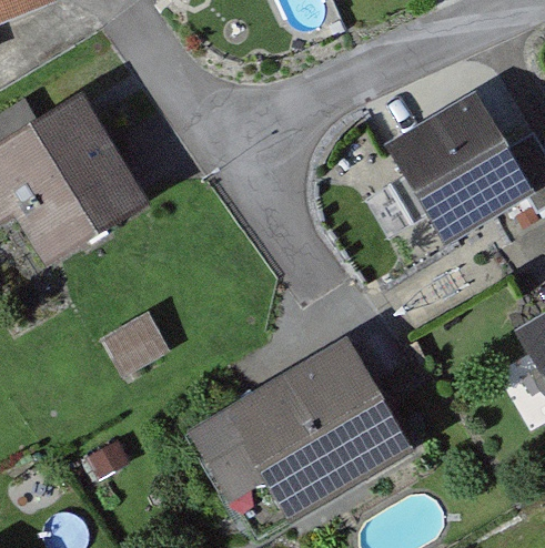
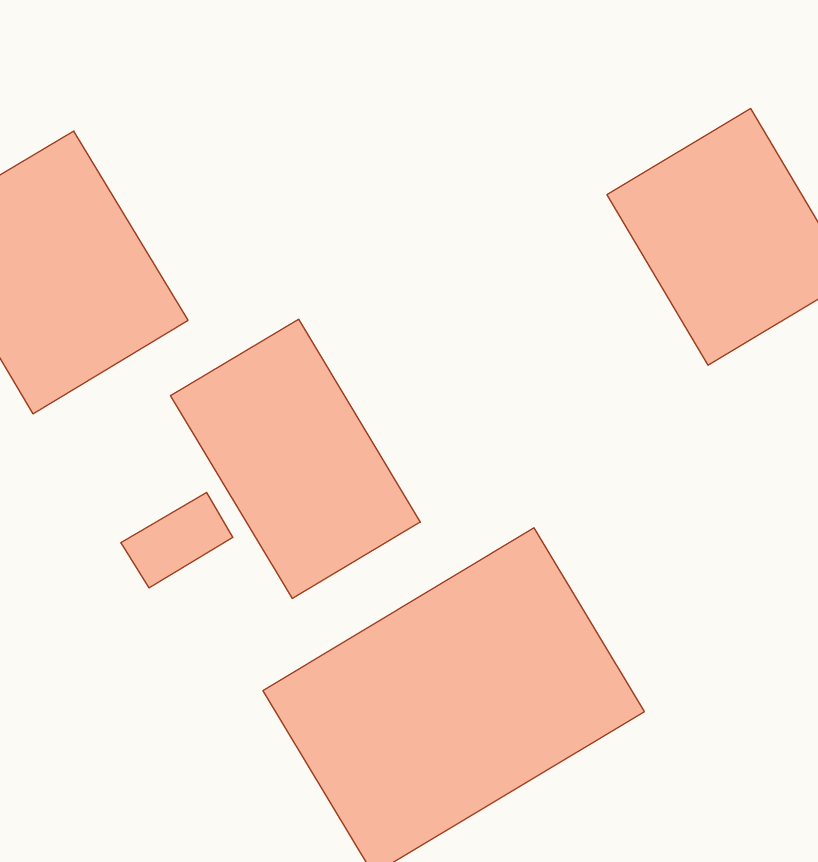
building: none -> [171,319,420,598]

